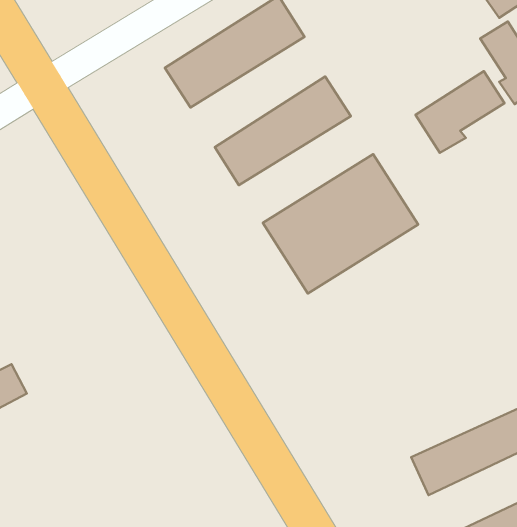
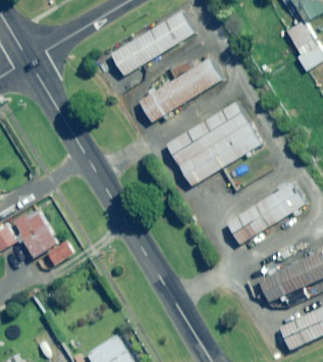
building: [415,71,505,153] -> none
building: none -> [217,183,295,245]
building: none -> [17,214,77,269]

